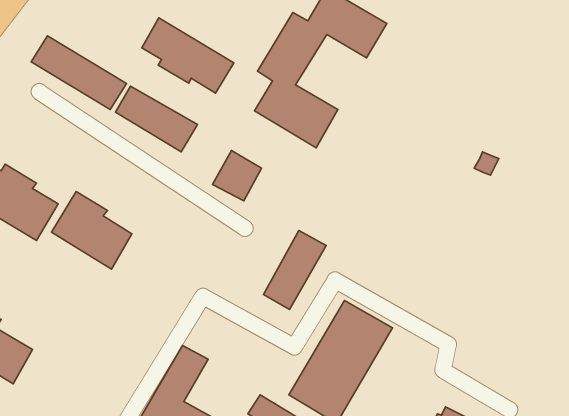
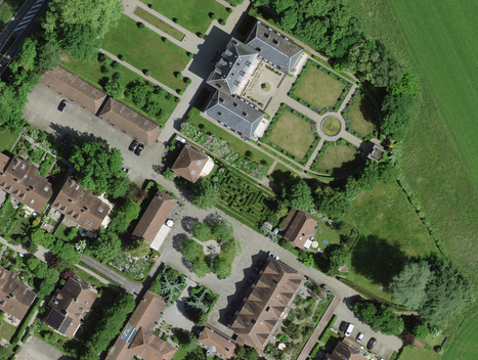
building: [142,18,234,93] -> none
building: [264,230,326,310] -> [131,188,178,248]
building: none -> [284,209,318,248]
building: none -> [44,276,98,338]

